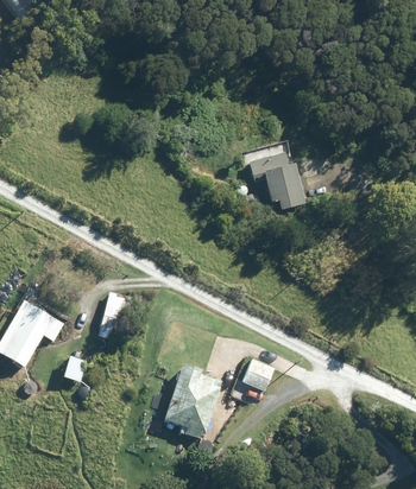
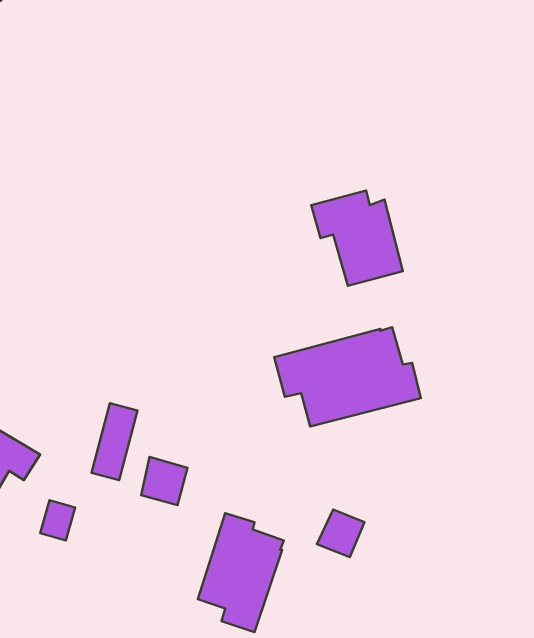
building: none -> [274,327,421,426]
building: none -> [141,457,187,505]

